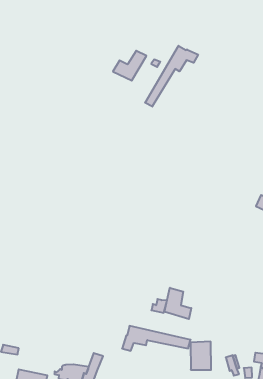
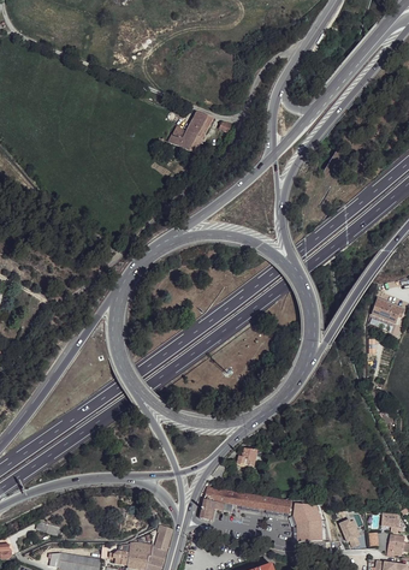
building: [145,46,198,107] -> none
building: [164,288,191,319] -> none

